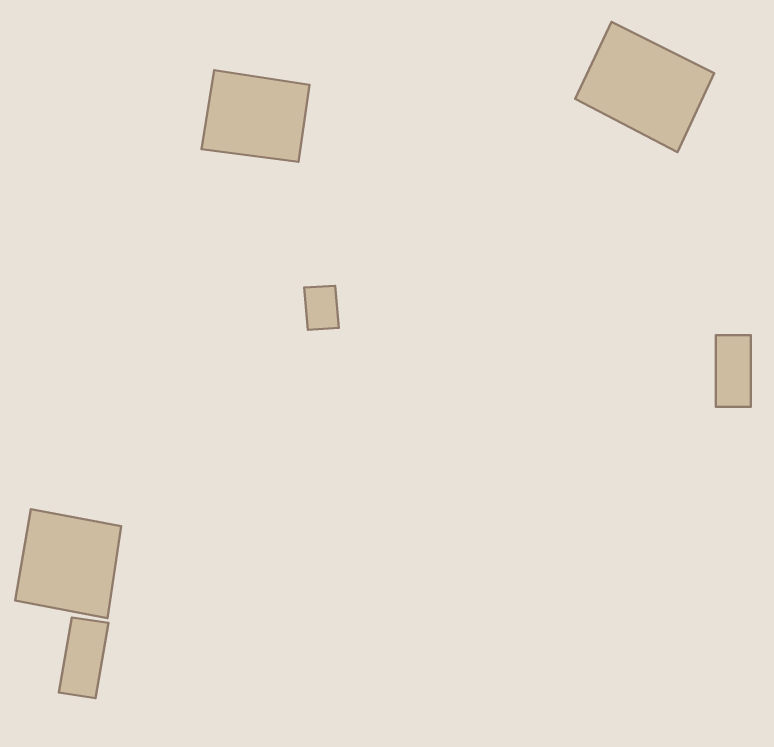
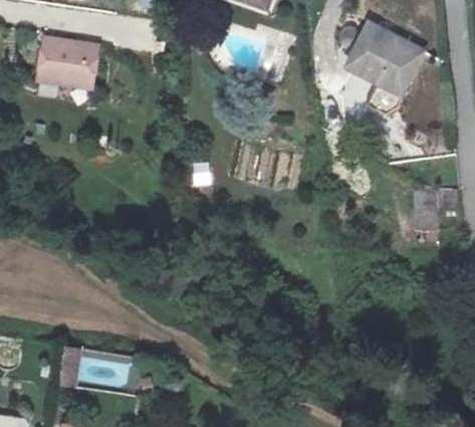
building: [201,70,309,162] -> [44,41,103,91]
building: [15,509,121,618] -> none

